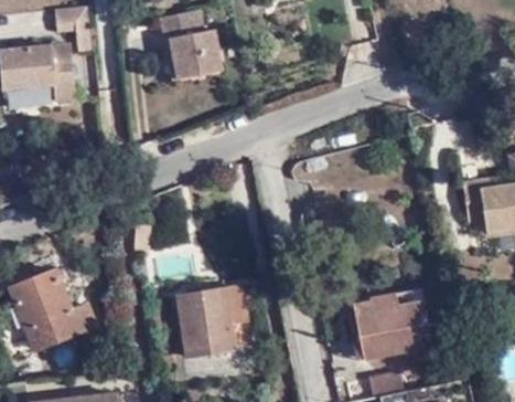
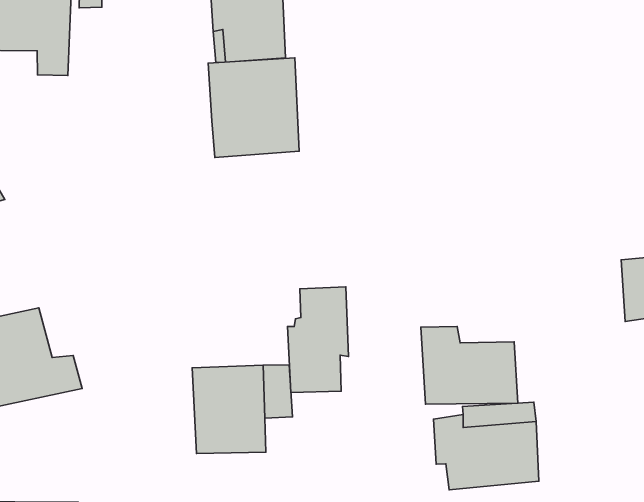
building: none -> [208,58,299,158]
building: none -> [287,287,349,392]
building: none -> [421,327,518,404]

